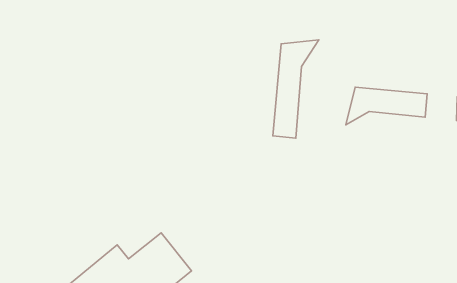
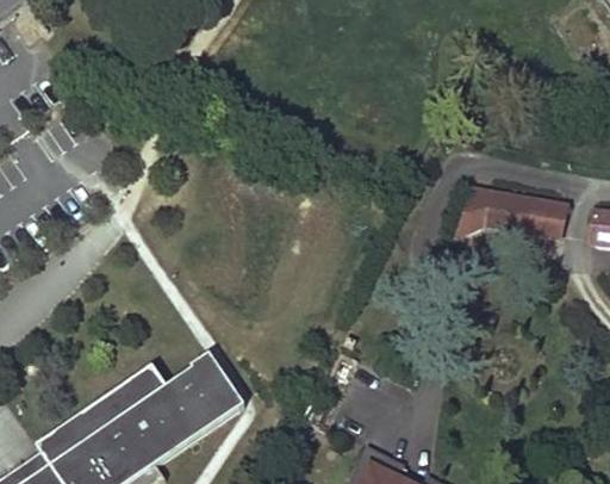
building: [273,40,319,138] -> none

